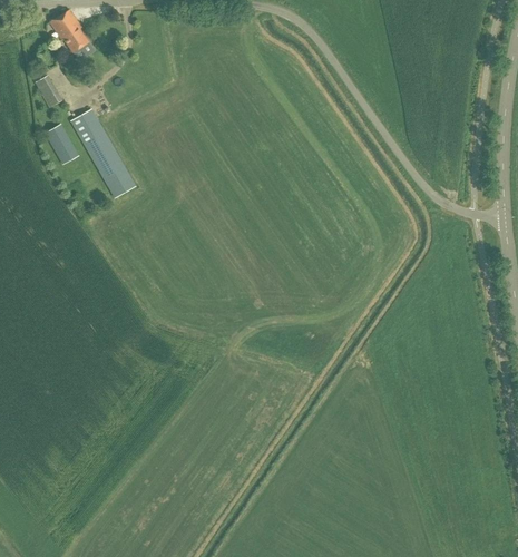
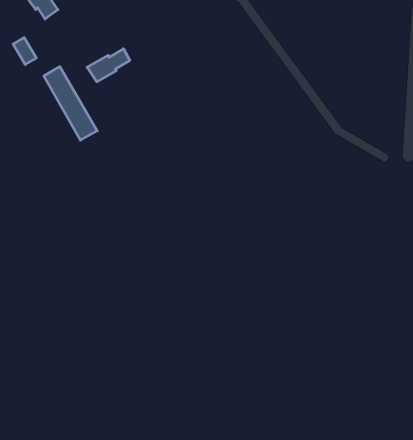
building: none -> [87,49,130,82]
building: [45,124,78,164] -> none

